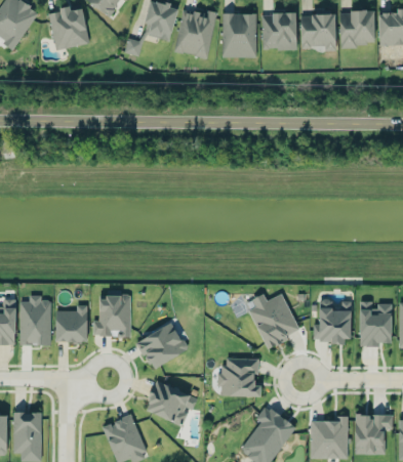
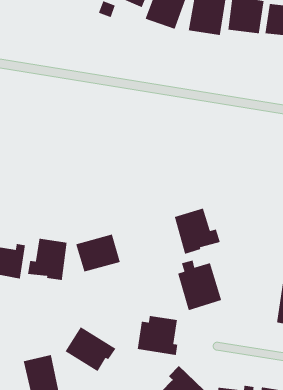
building: none -> [174,207,221,255]
building: [314,299,352,341] -> none
building: [137,323,188,368] -> [75,234,121,273]

